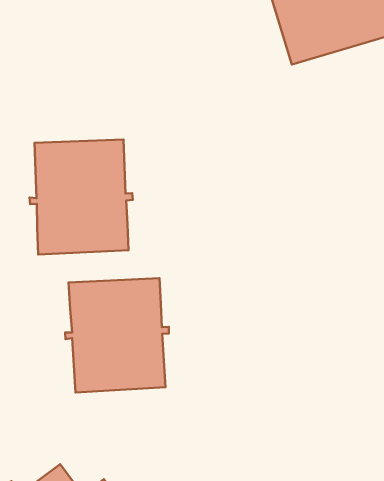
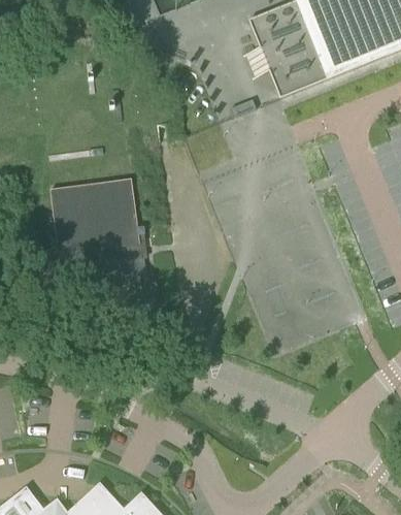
building: [65,278,169,392] -> none

